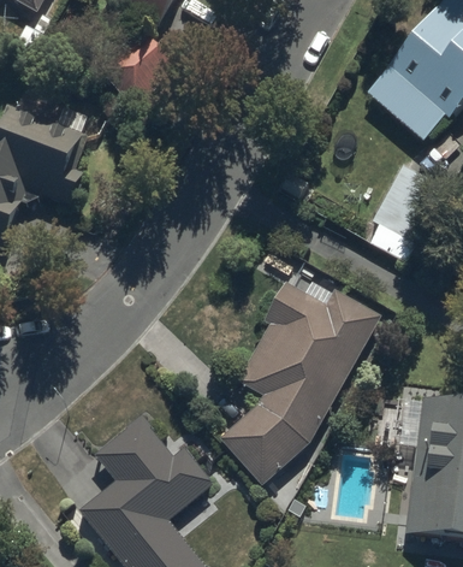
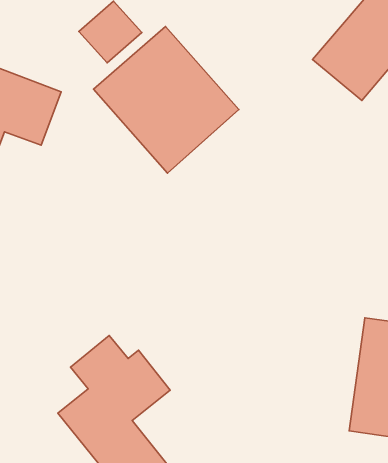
building: none -> [94,26,239,173]
building: [218,277,378,483] -> none

